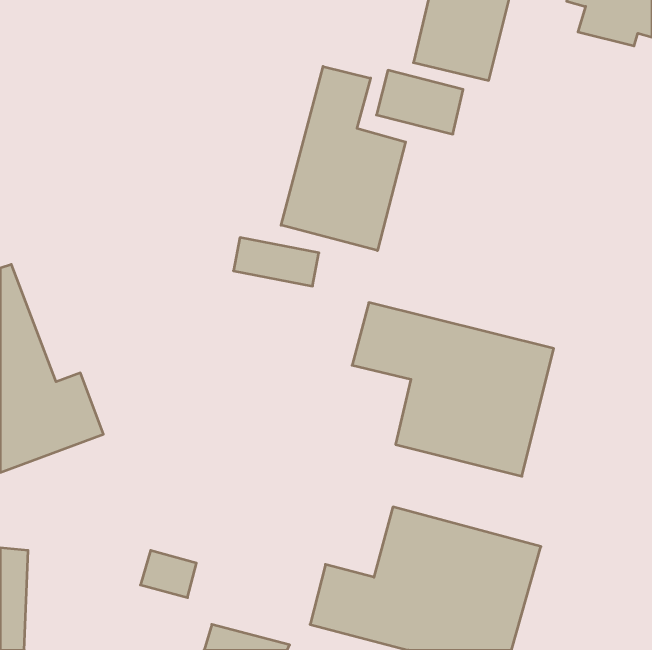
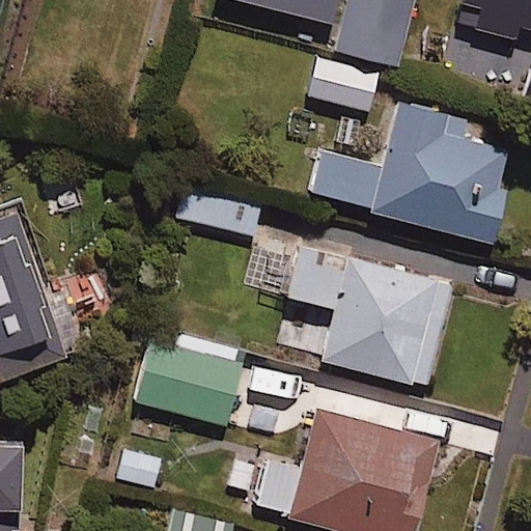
building: [281,66,406,251] -> none
building: none -> [311,104,507,244]
building: none -> [135,327,246,423]

